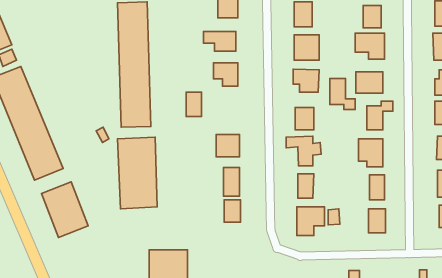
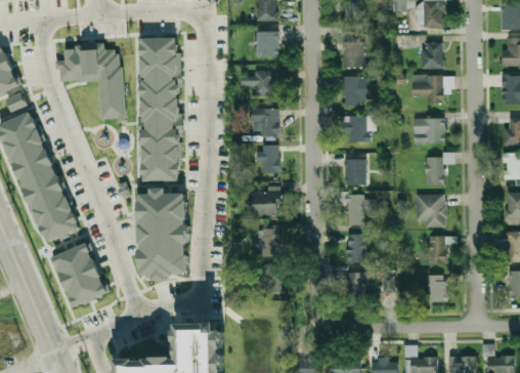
building: none -> [61,50,126,120]
building: [330,78,355,109] -> none
building: [186,92,201,116] -> [262,146,279,173]

